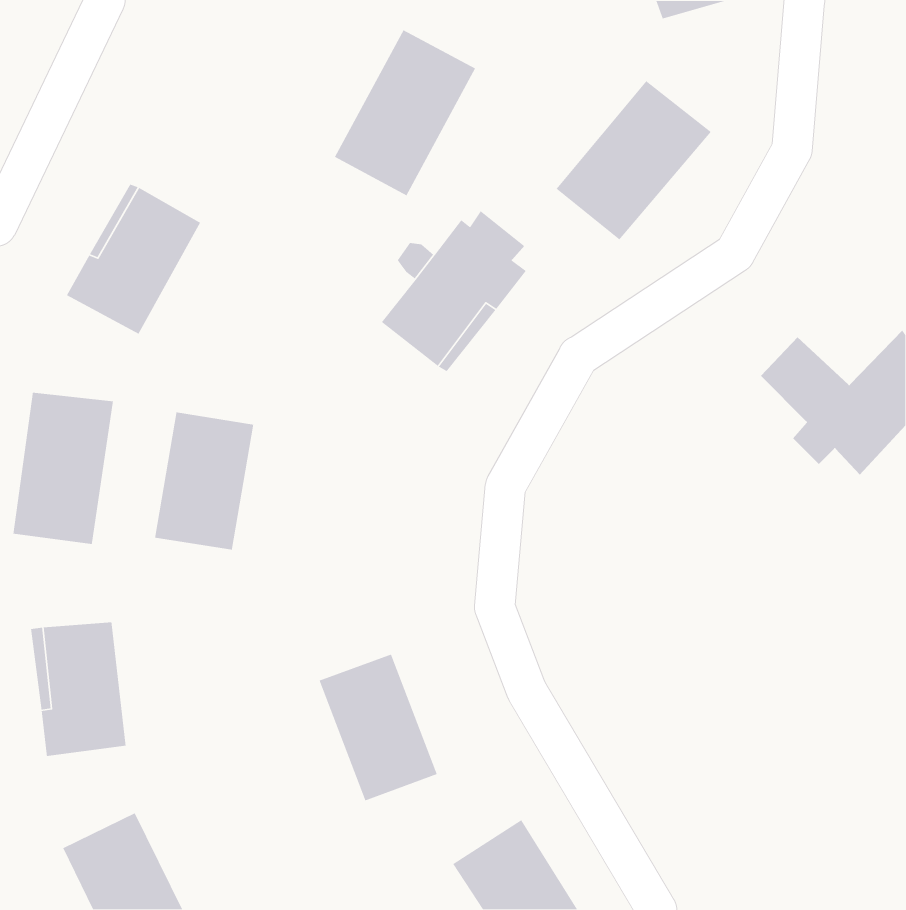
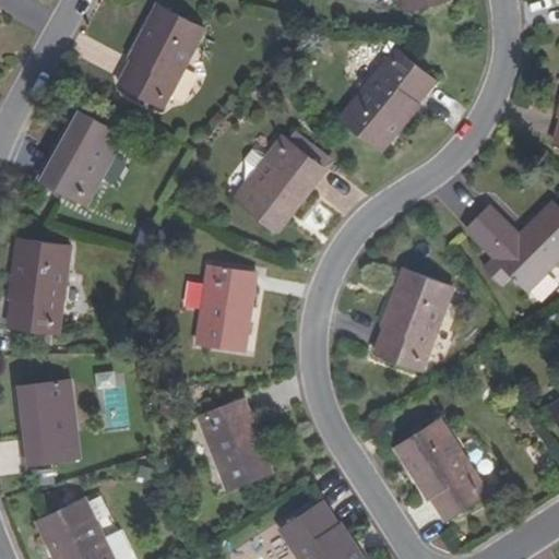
building: [334,29,476,196] -> [116,9,203,111]
building: [154,412,254,550] -> [194,265,255,350]
building: none -> [377,266,455,367]
building: none -> [395,418,486,520]

